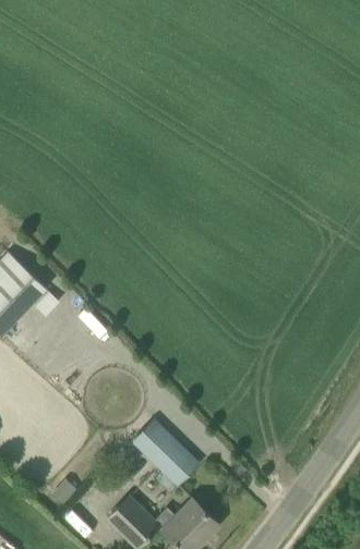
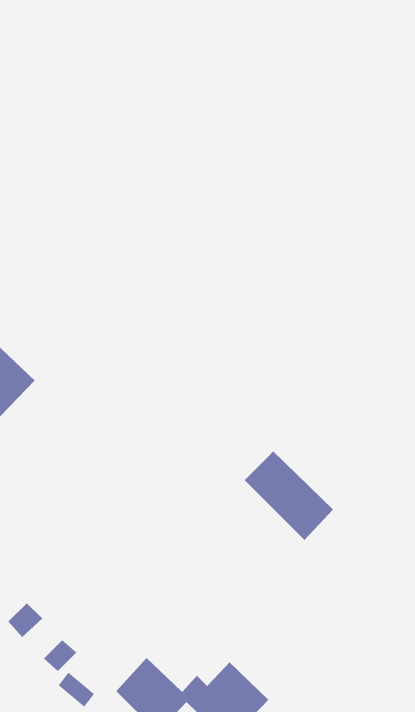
building: [132,419,199,486] -> [244,451,334,541]

